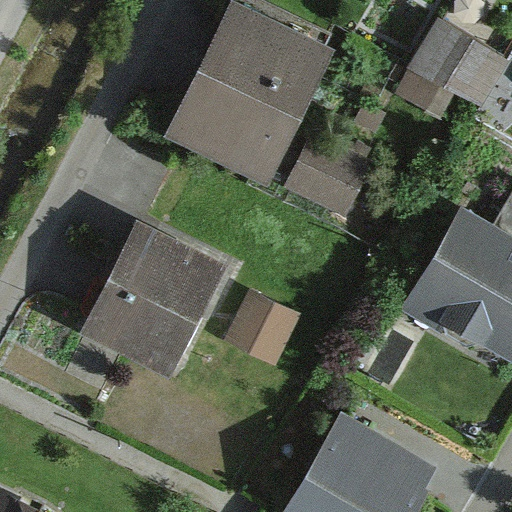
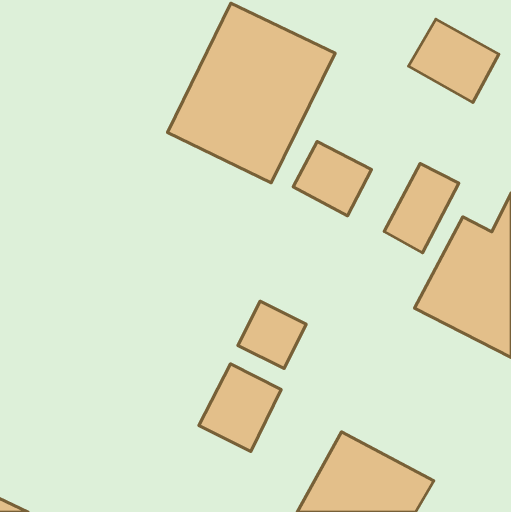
building: none -> [384,164,459,253]
building: [82,223,222,372] -> none
building: none -> [199,364,281,451]

